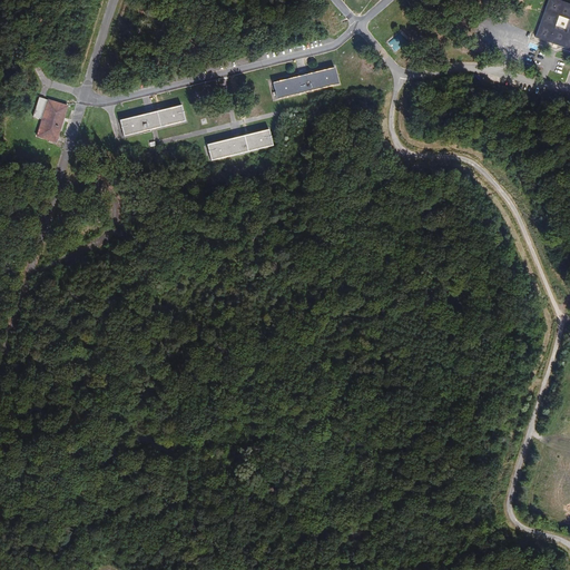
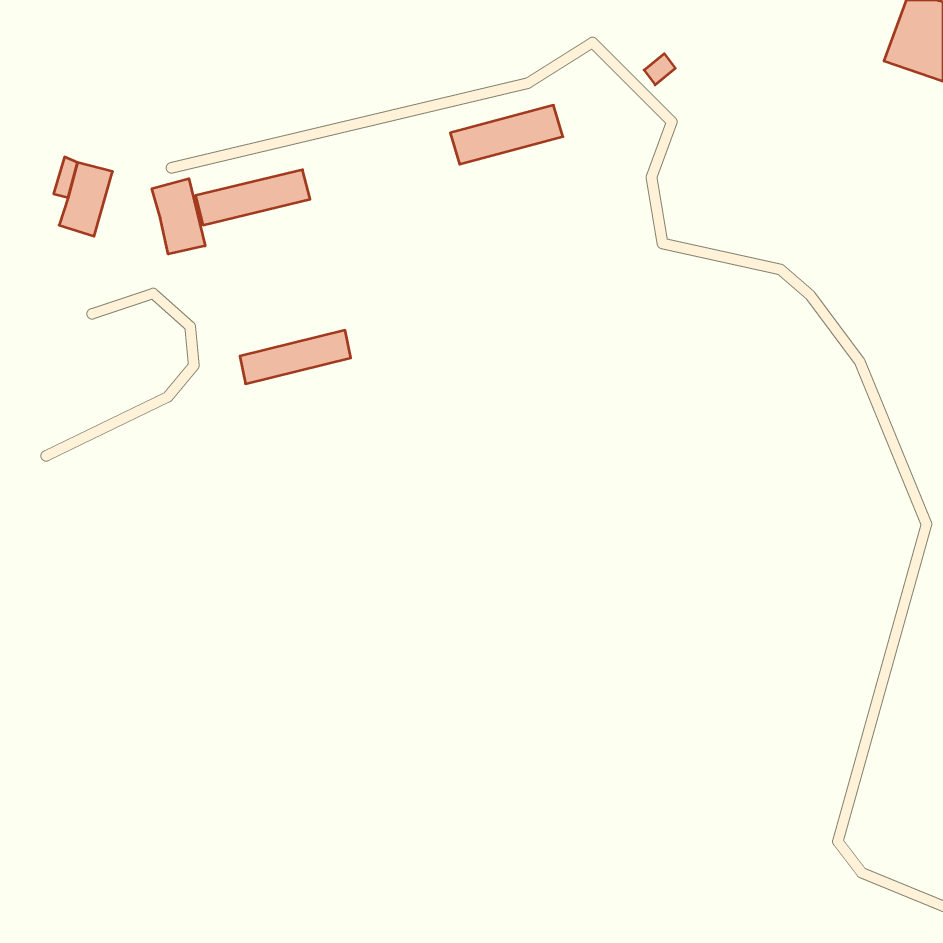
building: none -> [152,179,205,254]
building: [207,128,274,160] -> [240,330,351,384]

